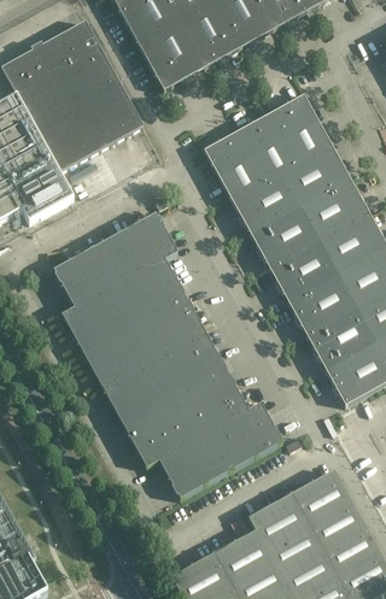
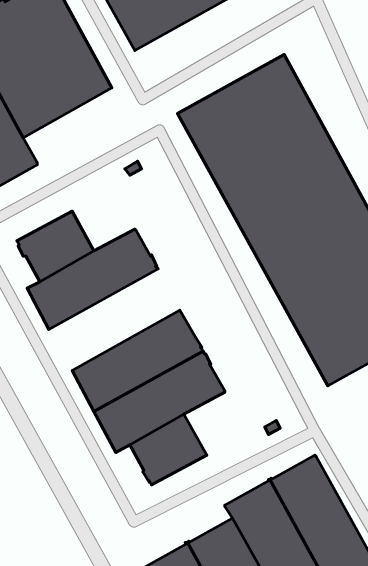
building: [105,212,177,277] -> none
building: [83,294,206,389] -> none
building: [210,401,282,469] -> none

